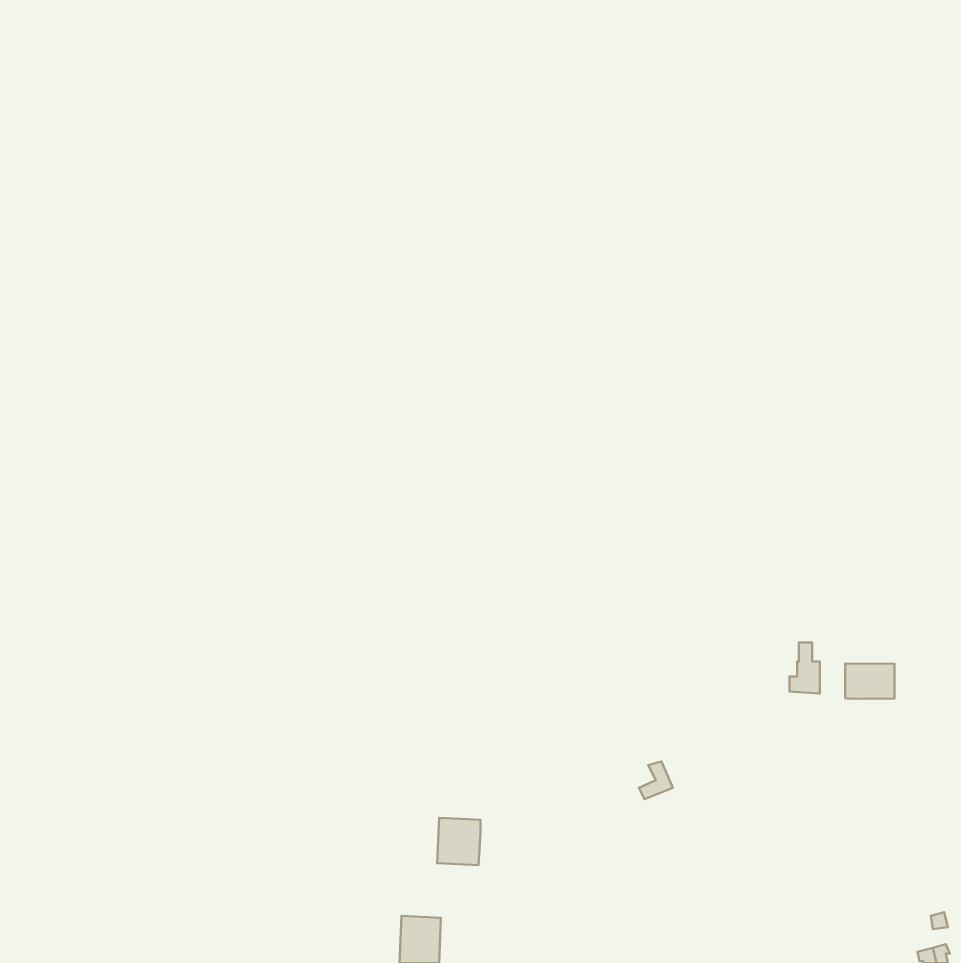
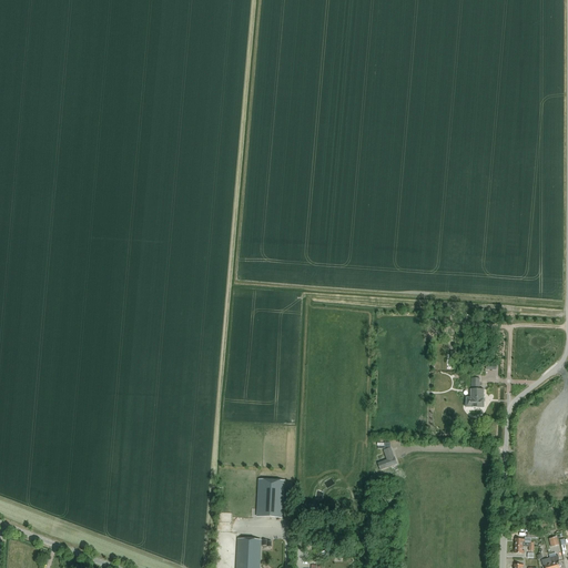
building: [845,664,895,699] -> none

